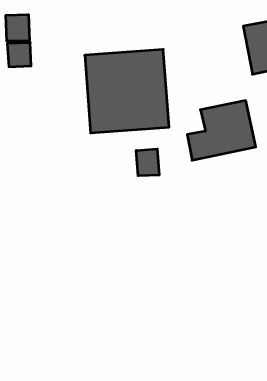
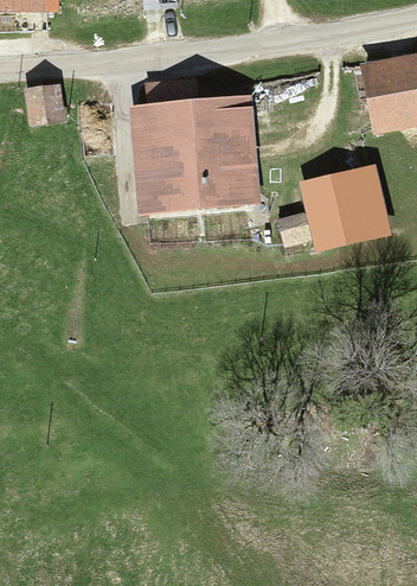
building: [6,15,29,41] -> none
building: [136,149,159,176] -> none

